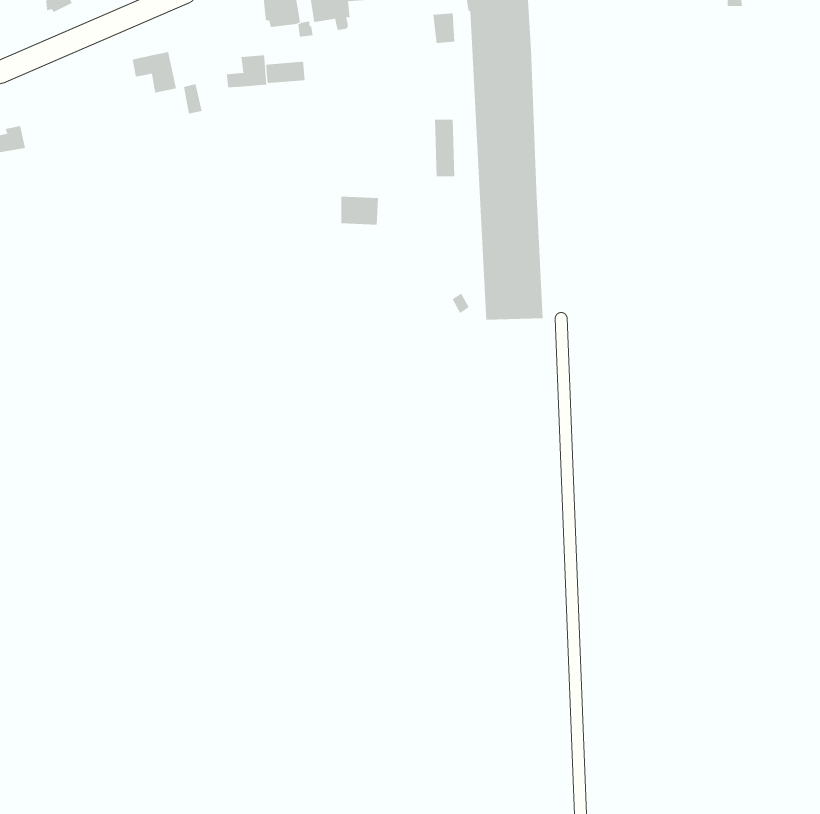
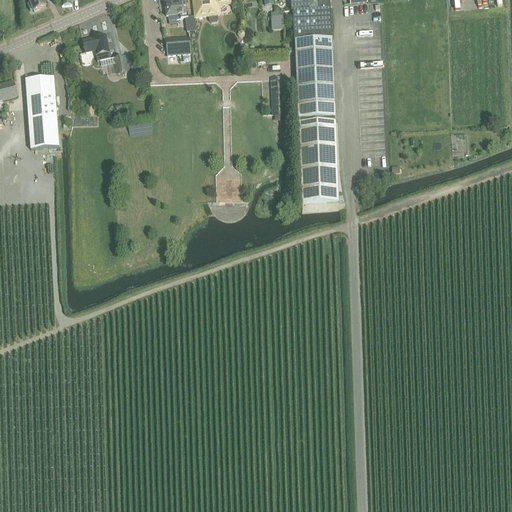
building: [226,55,267,88] -> none
building: none -> [25,74,58,146]
building: [340,196,379,225] -> [215,178,239,196]

